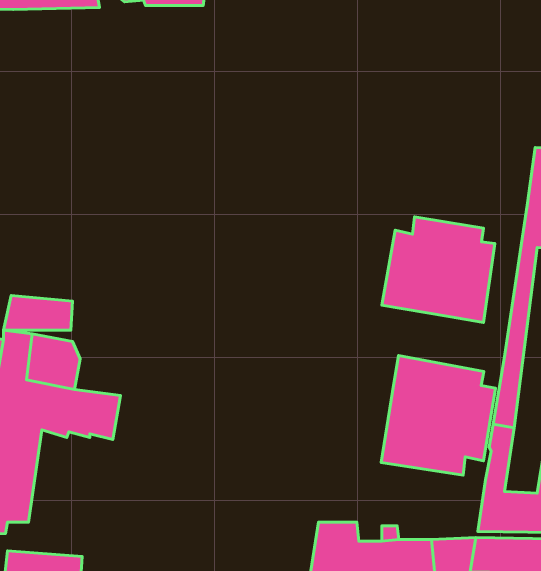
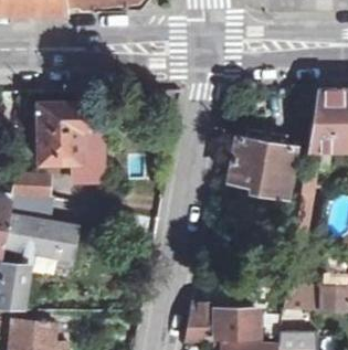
building: none -> [39,105,106,183]
building: [381,356,496,475] -> none

